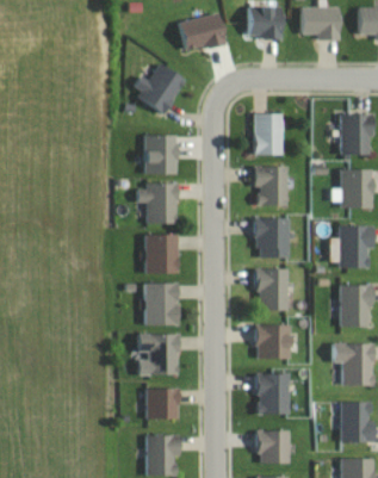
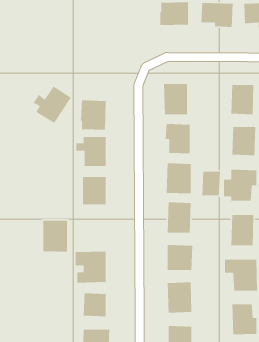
building: [179,13,228,52] -> none
building: [134,64,185,114] -> [33,86,72,124]
building: none -> [202,171,221,196]
building: [144,283,178,325] -> [42,220,68,253]

